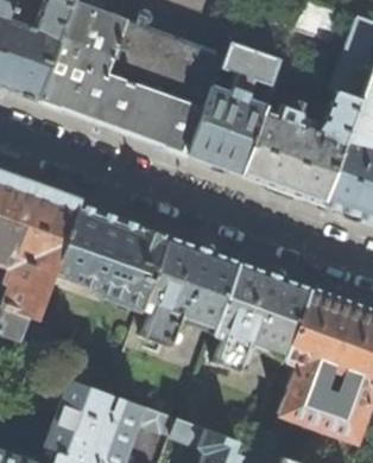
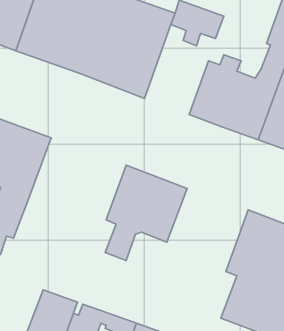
building: [190,87,267,176] -> none
building: [53,203,169,309] -> none
building: [215,262,311,373] -> none

